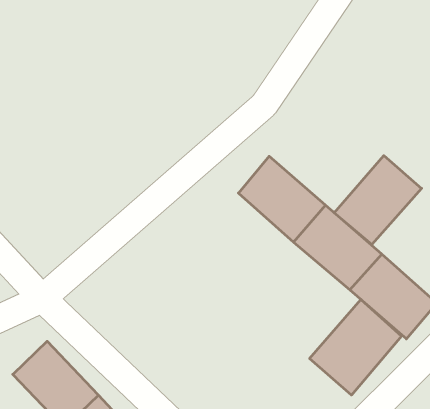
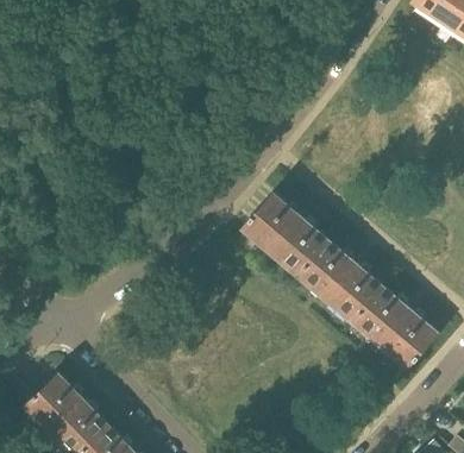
building: [334,156,422,245] -> none
building: [310,299,402,395] -> none

